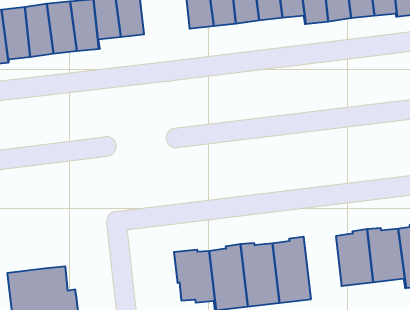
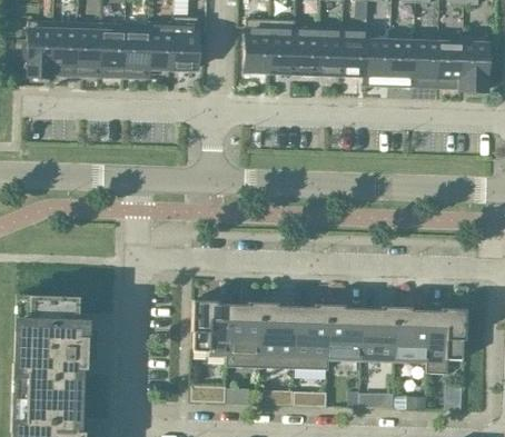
building: none -> [328,305,364,370]

